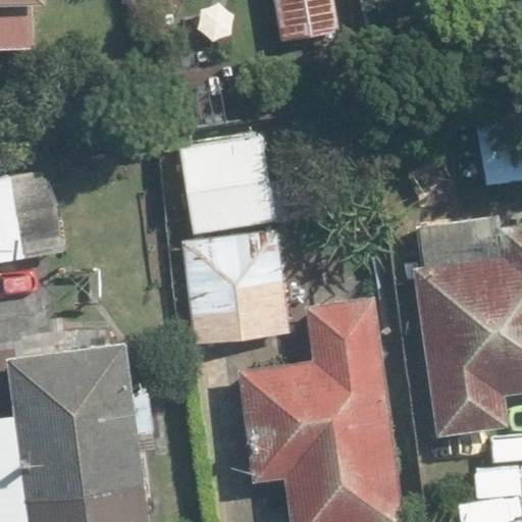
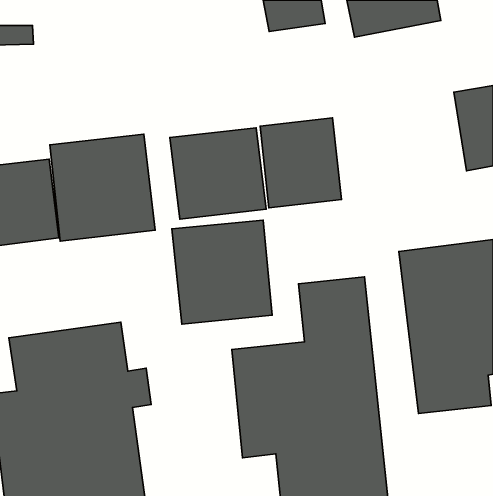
building: none -> [260,118,341,208]
building: none -> [50,134,155,241]

